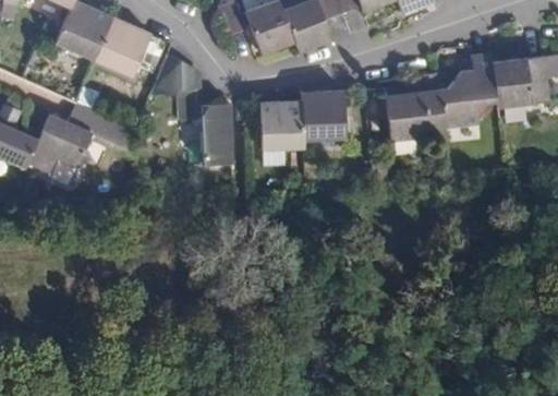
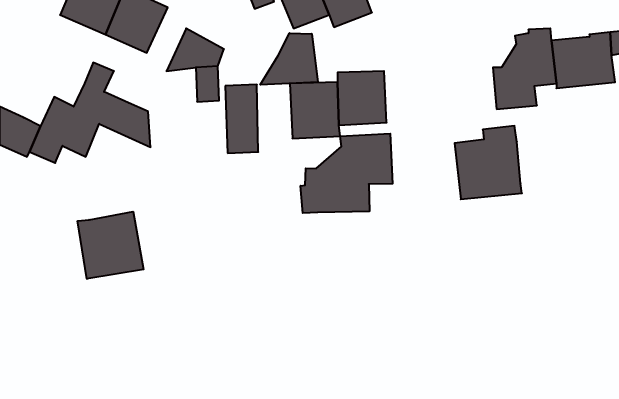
building: none -> [260,33,318,85]
building: [386,74,446,140] -> [455,126,522,199]
building: none -> [301,134,393,213]
building: none -> [78,212,144,279]

